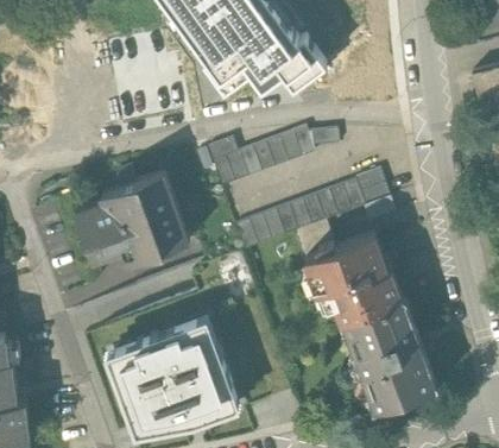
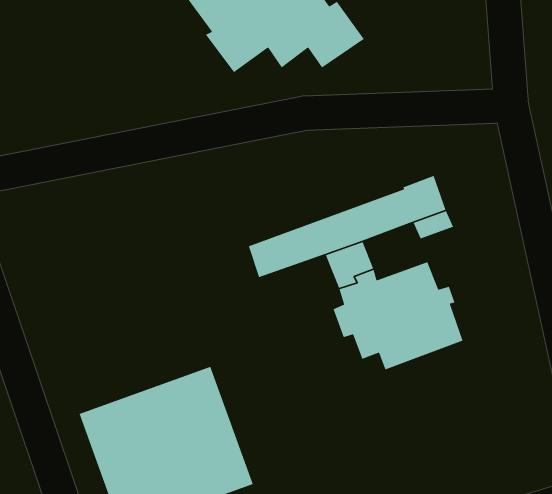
building: [206,125,337,184] -> none
building: [74,166,188,257] -> none
building: [340,294,436,409] -> none

